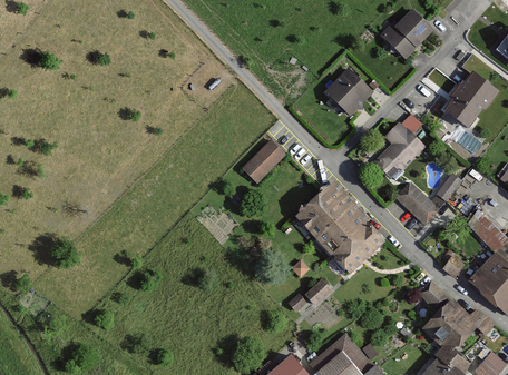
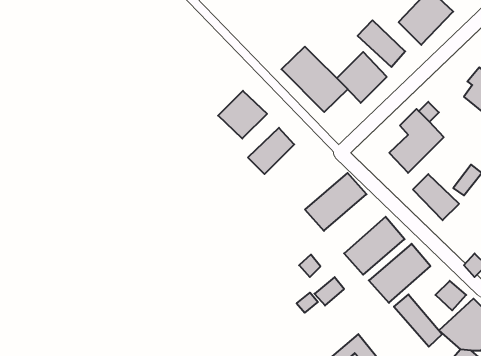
building: none -> [358,20,405,67]
building: none -> [281,47,348,112]
building: none -> [218,91,267,139]
building: [312,200,370,256] -> [369,244,430,303]
building: none -> [394,294,442,347]

